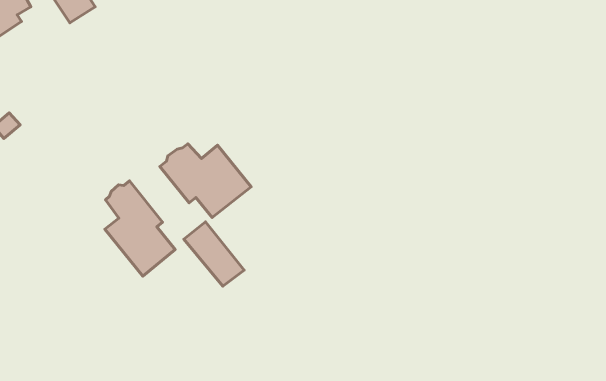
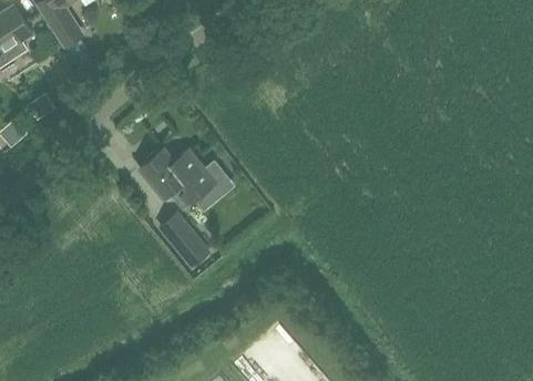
building: [105,181,175,276] -> none

